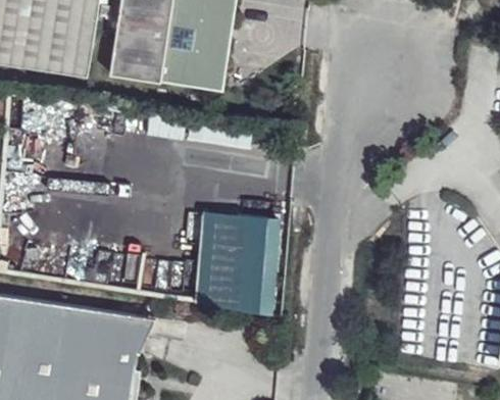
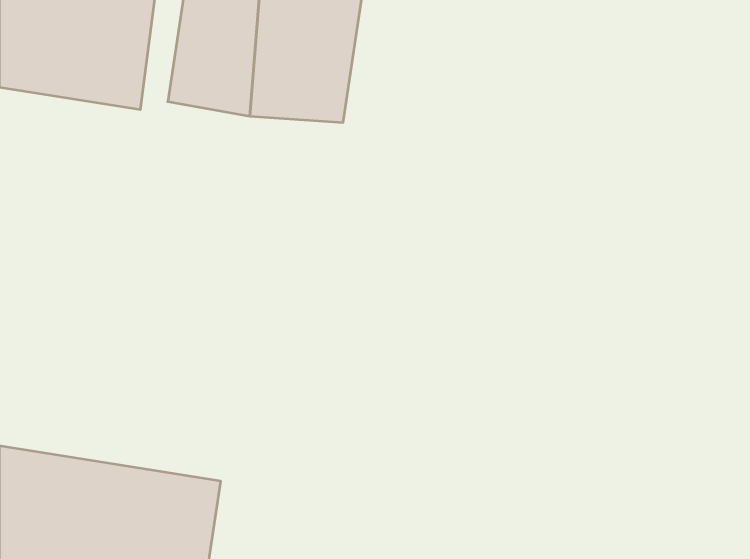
building: [195,212,284,319] -> none

